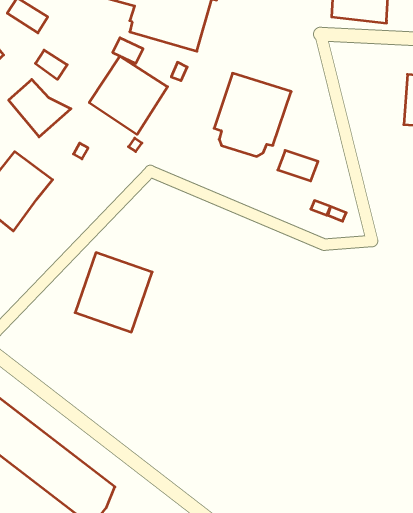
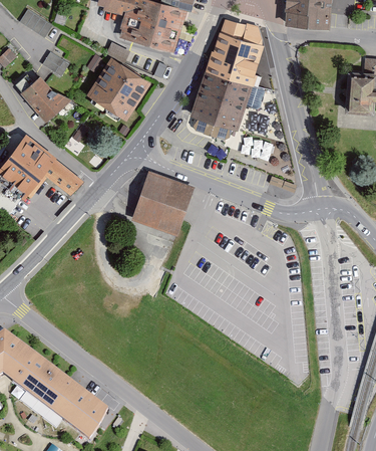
building: none -> [204,16,263,86]
building: none -> [43,158,83,194]
building: [75,253,152,332] -> [130,170,194,235]

